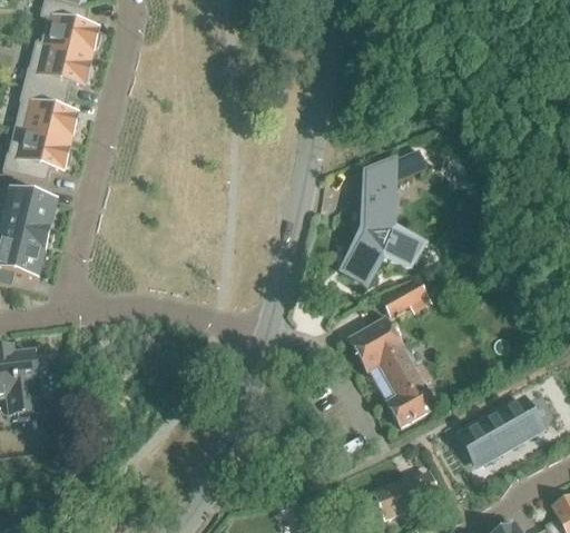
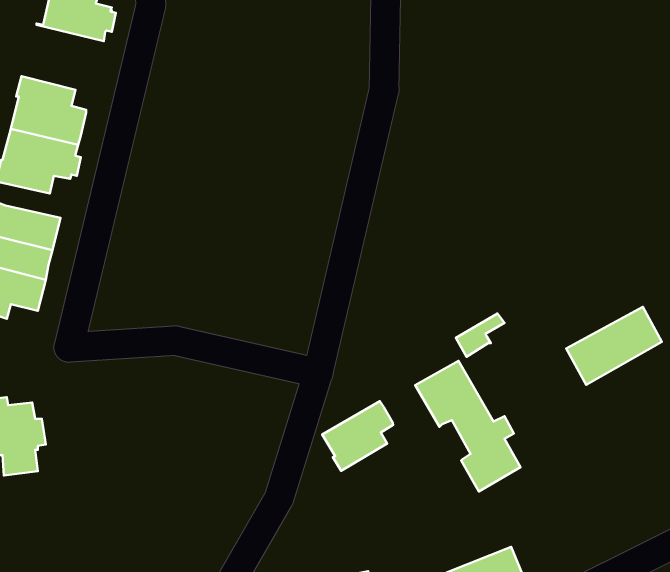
building: [23,40,94,93] -> none
building: [343,148,426,283] -> none
building: none -> [322,401,393,471]
building: [460,399,539,464] -> [566,307,662,385]

